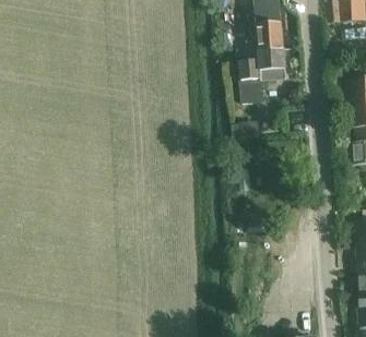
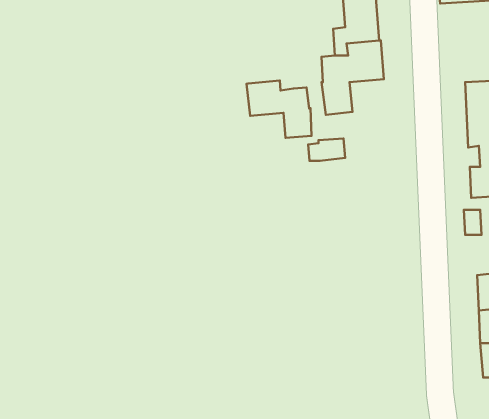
building: none -> [247,81,312,138]

